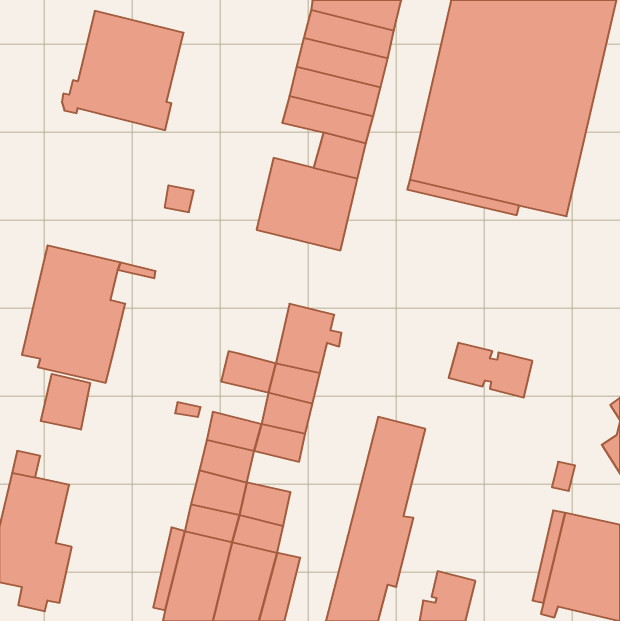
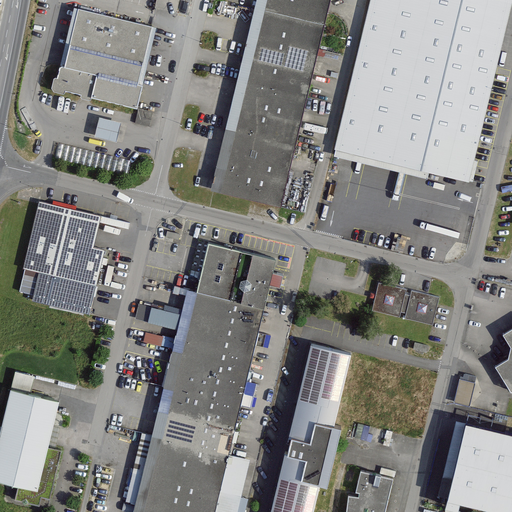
building: none -> [225,101,266,138]
building: [165,185,194,212] -> [95,118,119,140]
building: none -> [196,243,238,299]
building: none -> [136,304,221,349]
building: [41,374,90,430] -> none
building: none -> [203,371,256,408]

